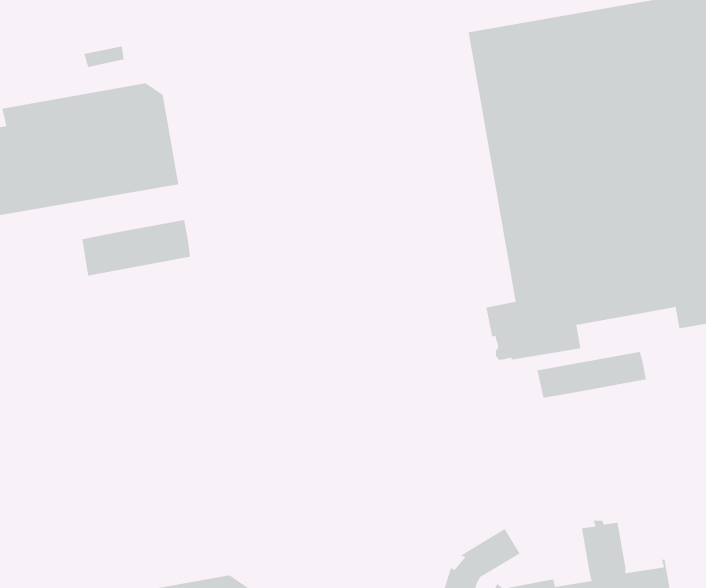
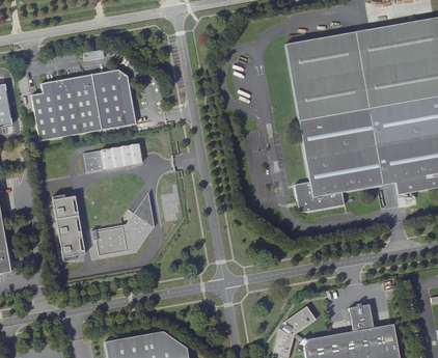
building: none -> [90,193,154,255]
building: none -> [51,195,84,263]
building: [537,351,646,399] -> none

